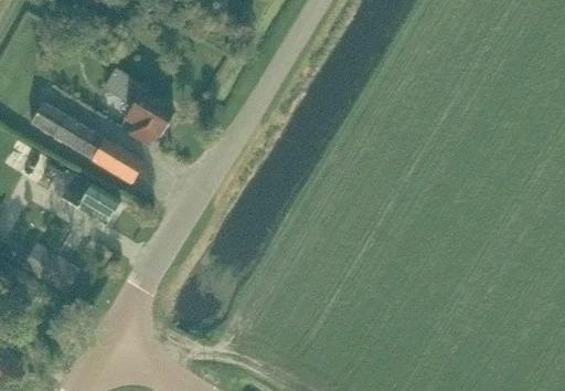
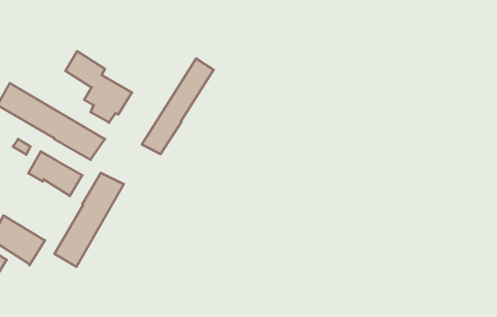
building: none -> [142,59,214,154]
building: none -> [55,173,124,267]

